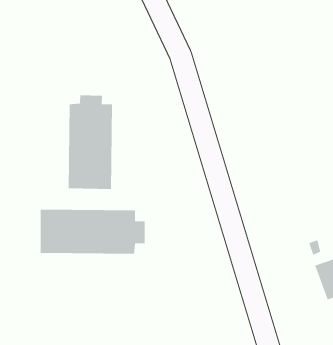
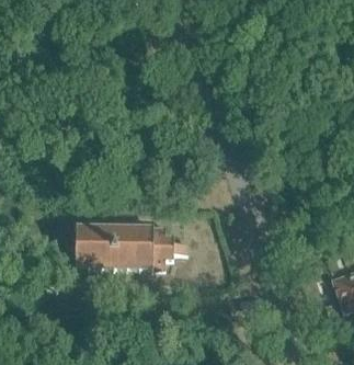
building: [68,94,113,190] -> none

